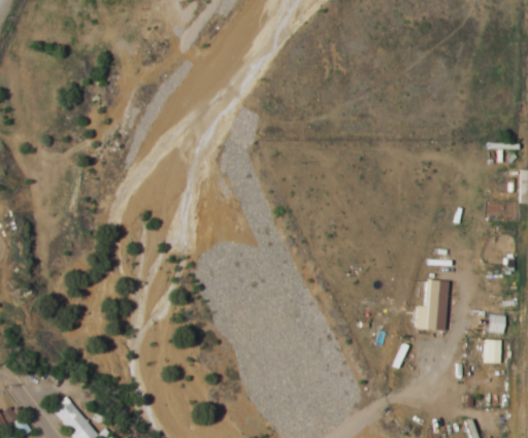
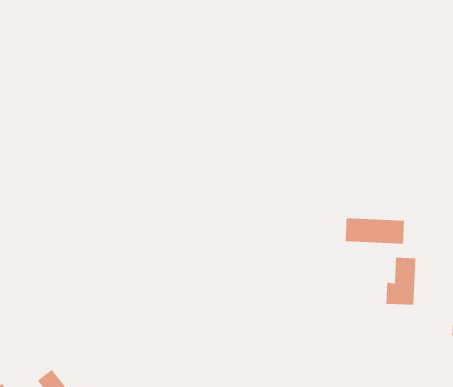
building: none -> [345,218,405,244]

